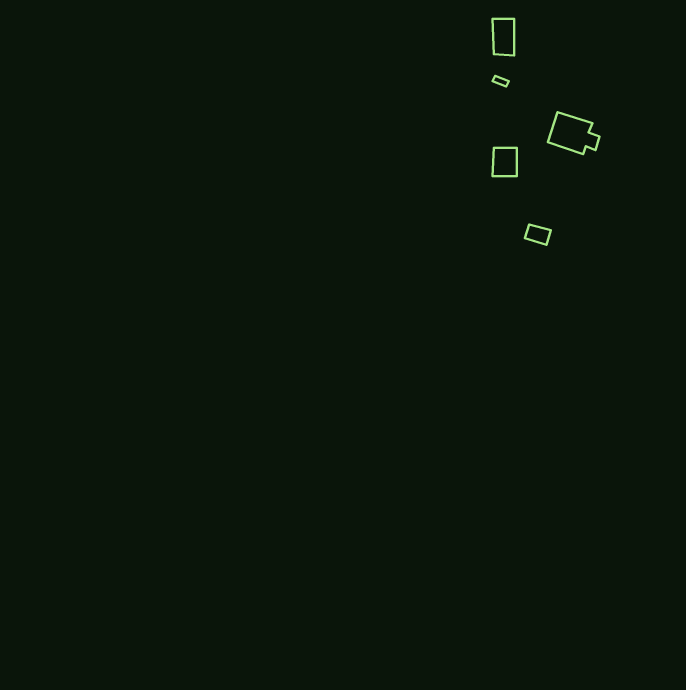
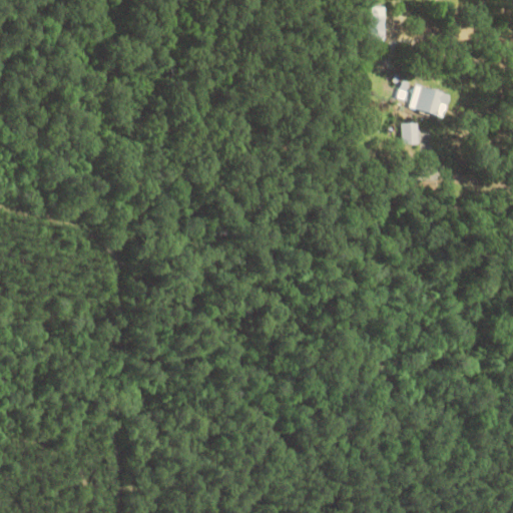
building: [493,148,517,176] -> [403,122,421,143]

